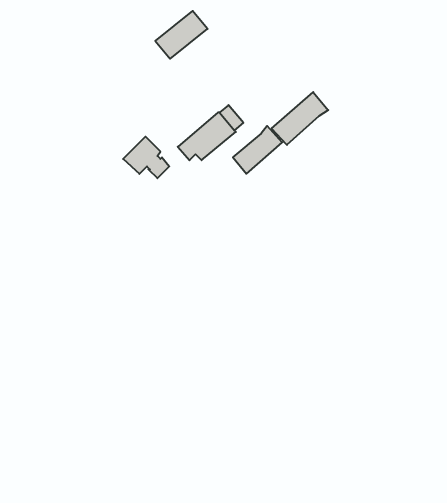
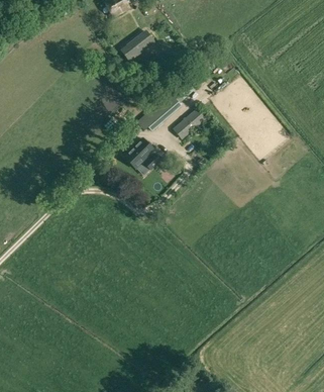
building: [272,92,328,145] -> none
building: [123,137,169,178] -> [128,139,159,168]

